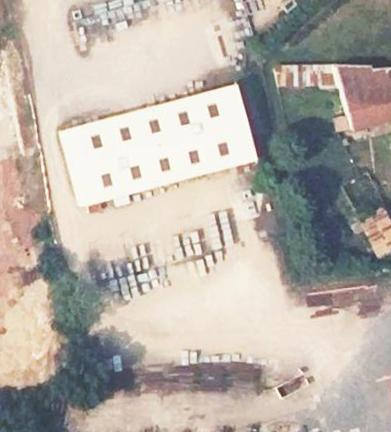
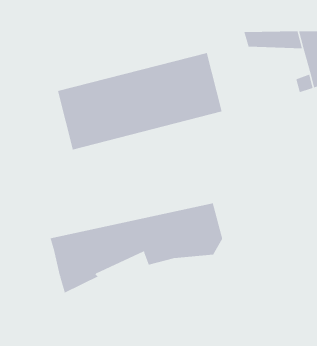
building: none -> [50,202,223,294]

